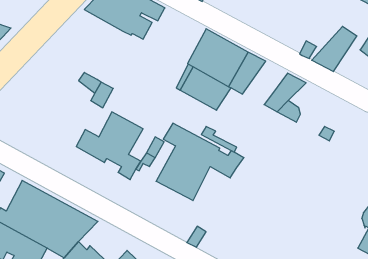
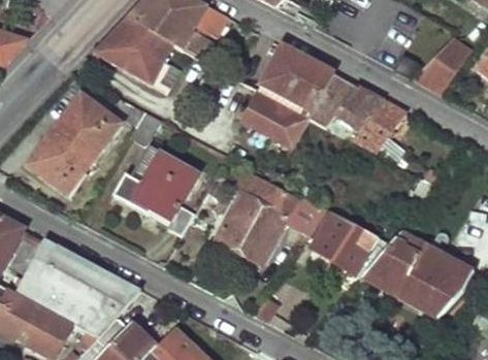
building: none -> [91,20,173,87]
building: none -> [326,86,384,132]
building: none -> [29,94,121,193]
building: none -> [312,209,376,271]
building: none -> [363,233,473,318]

